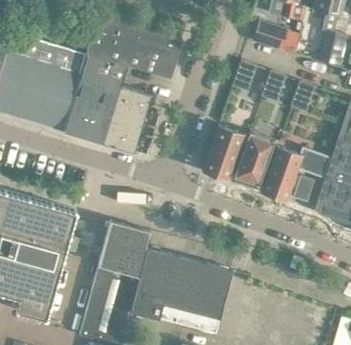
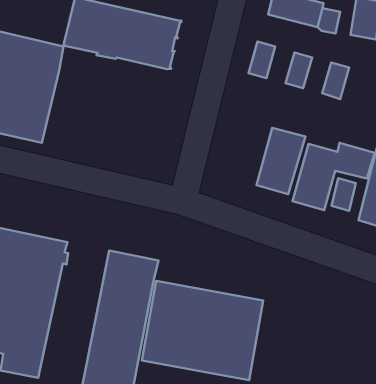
building: [64,53,151,152] -> none
building: [203,125,244,179] -> none

